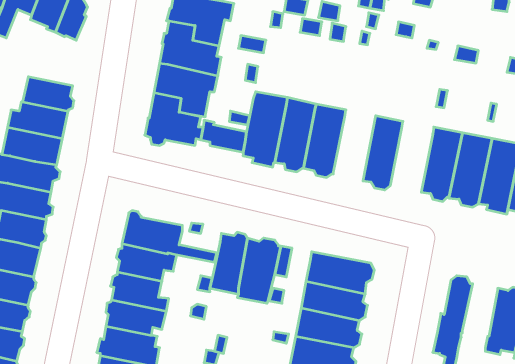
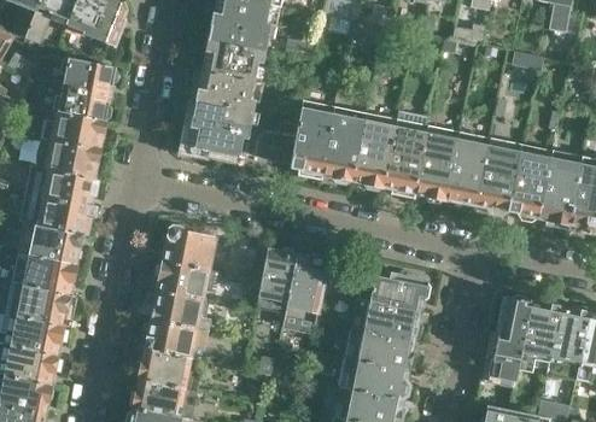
building: none -> [63,57,118,94]
building: none -> [385,119,430,198]
building: none -> [445,131,491,210]
building: none -> [518,300,559,371]

